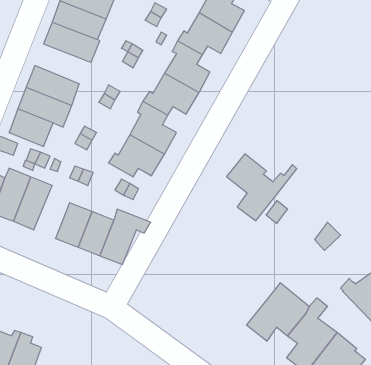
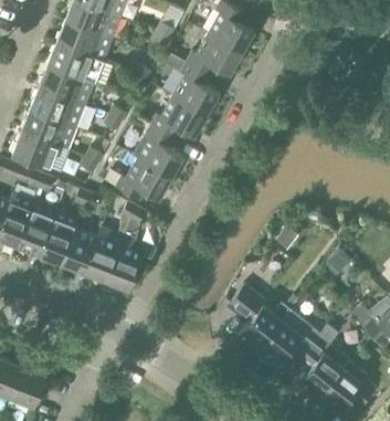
building: none -> [39,66,93,107]
building: [227,154,297,221] -> [225,285,297,354]
building: none -> [38,211,78,265]

